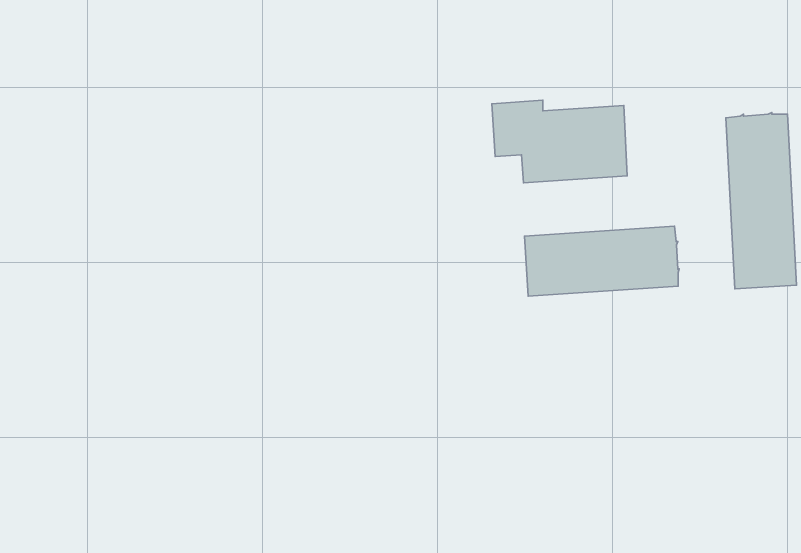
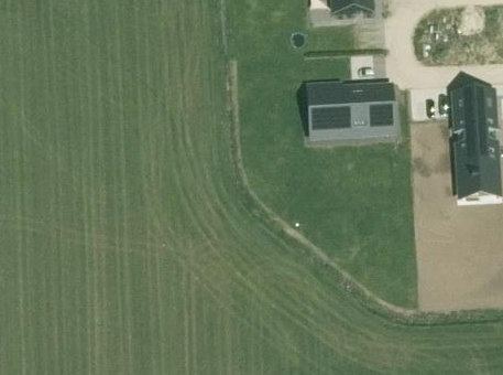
building: [524,226,679,296] -> none

